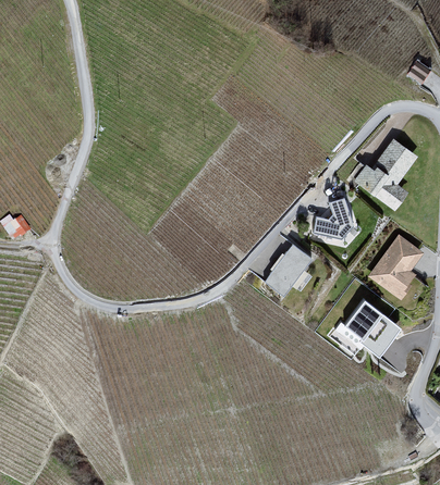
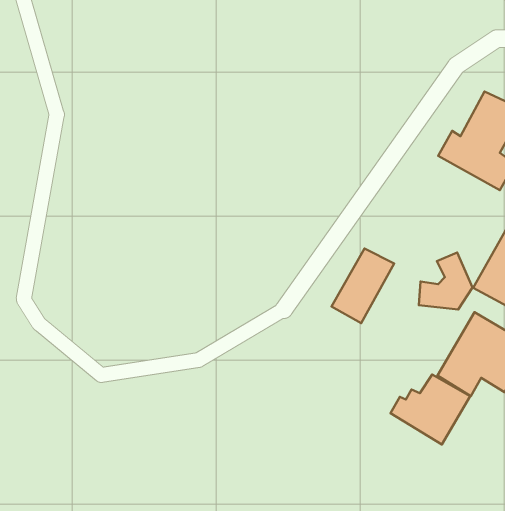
building: [311,199,351,239] -> [419,252,473,310]
building: none -> [391,374,470,444]

